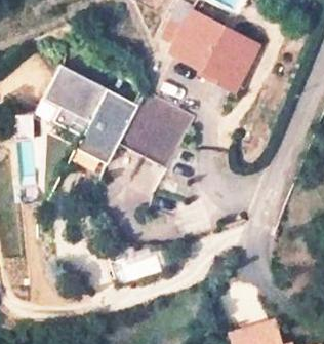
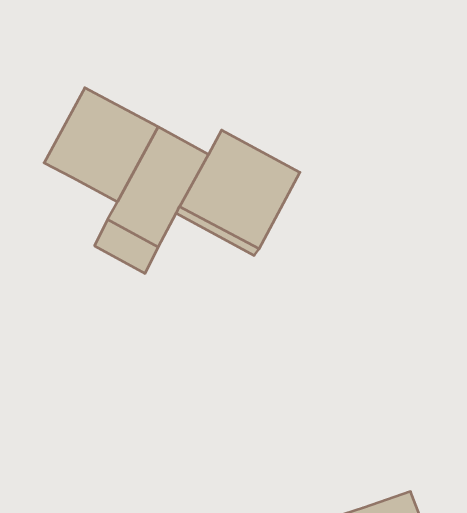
building: [172,15,264,92] -> none

